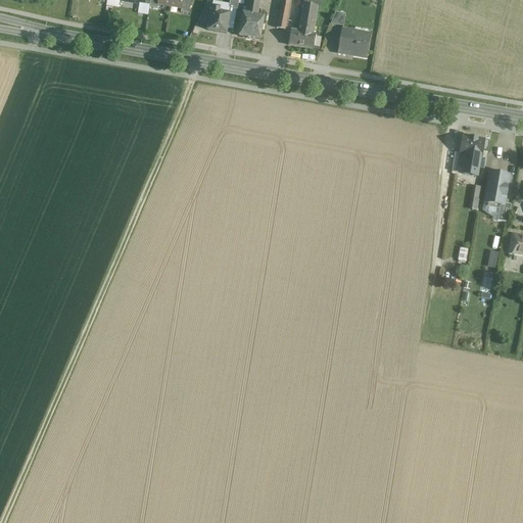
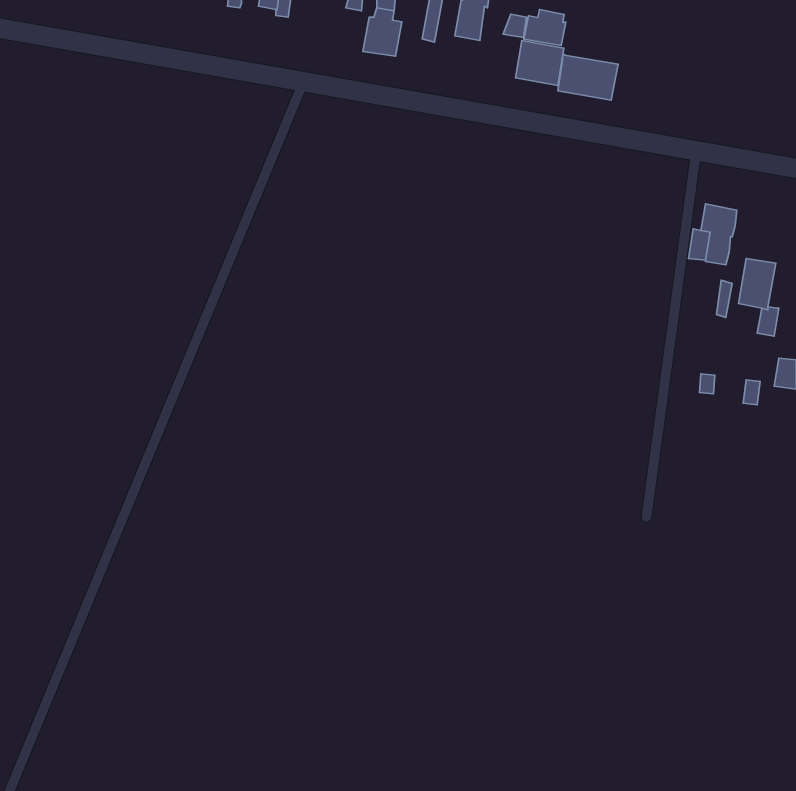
building: [207,4,229,32] -> none
building: [288,23,316,47] -> [524,10,566,45]
building: none -> [558,54,618,100]

